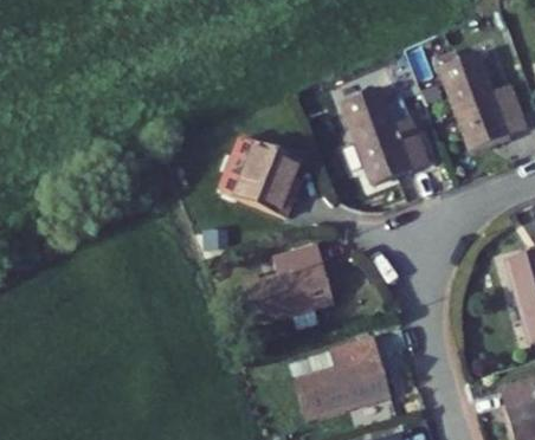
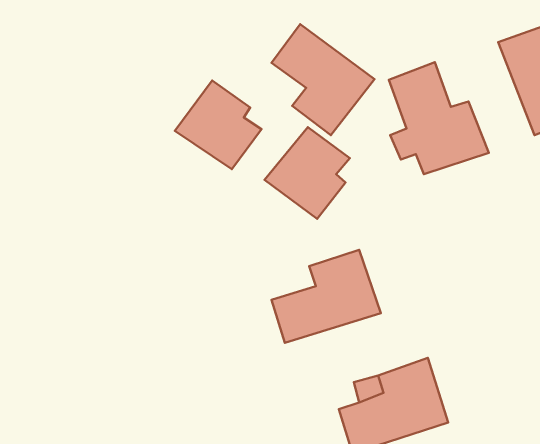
building: none -> [271,24,374,135]
building: none -> [175,80,261,169]

